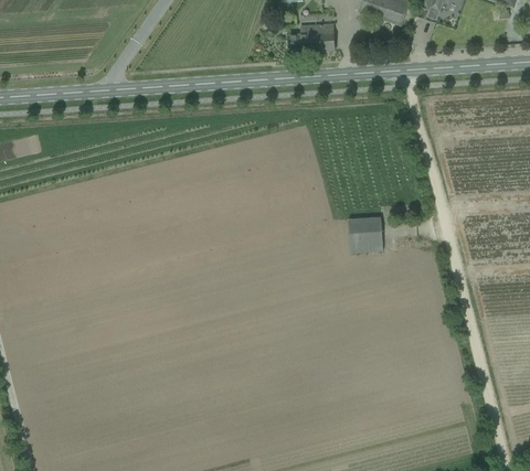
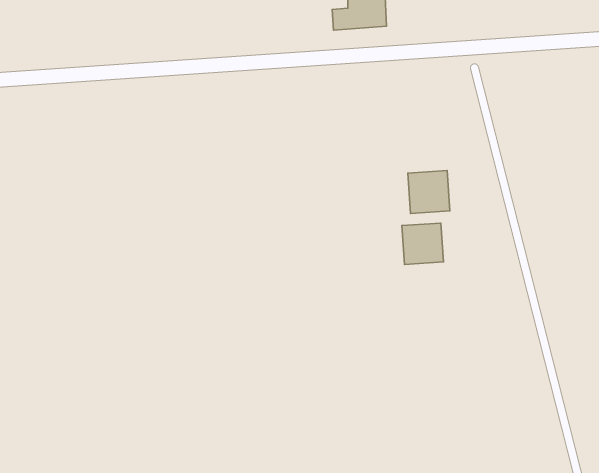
building: none -> [408,170,450,214]

